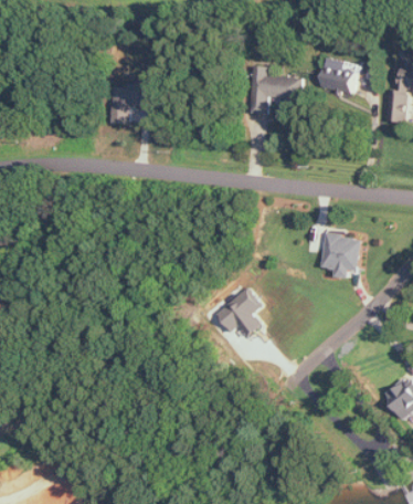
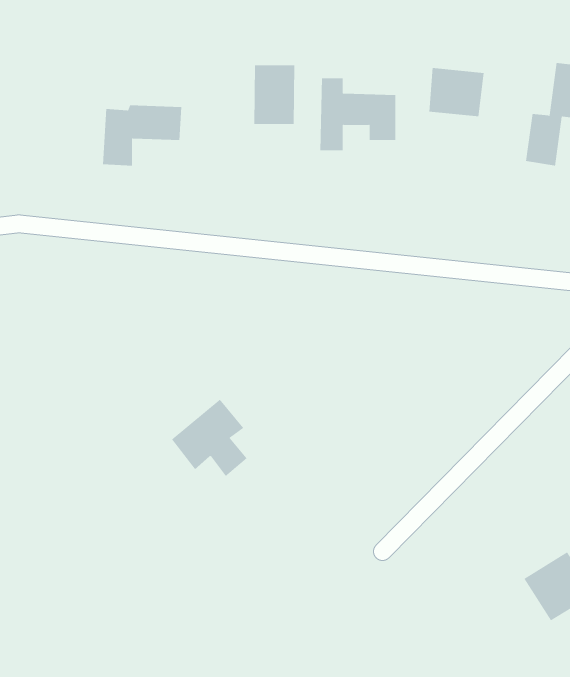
building: none -> [254,64,295,125]
building: [321,235,359,277] -> none
building: [212,287,262,338] -> [171,399,247,477]

